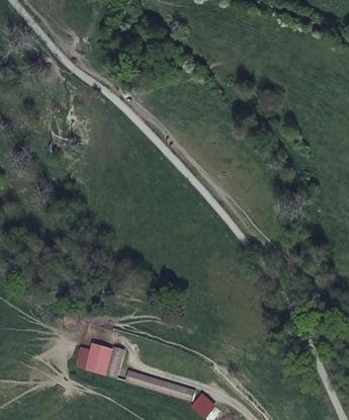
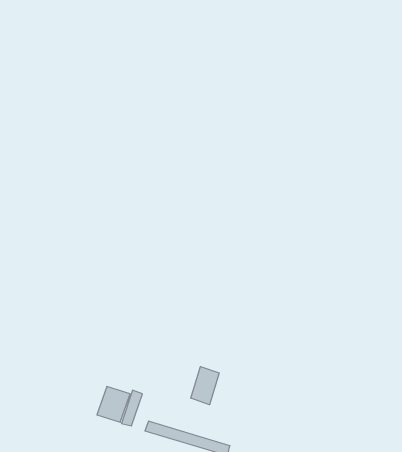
building: none -> [191,367,219,405]

